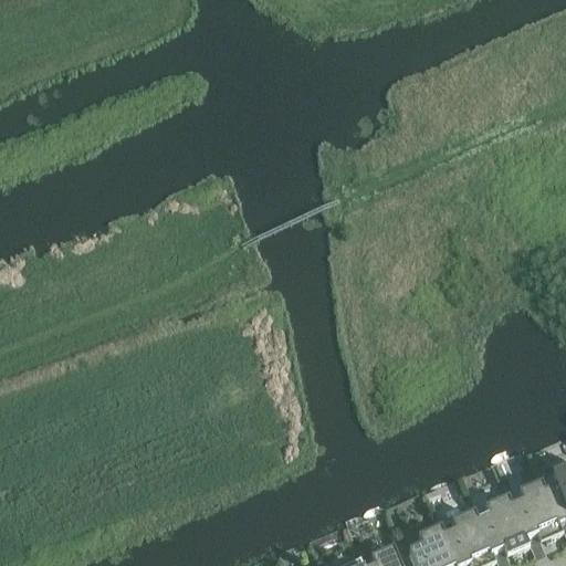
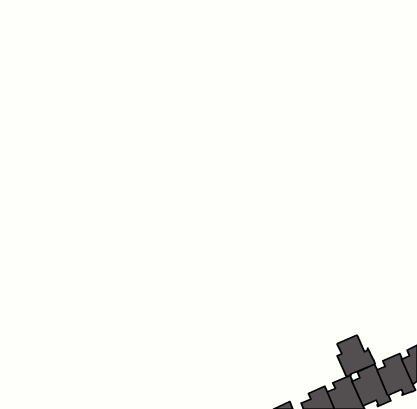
building: none -> [337,335,375,377]

